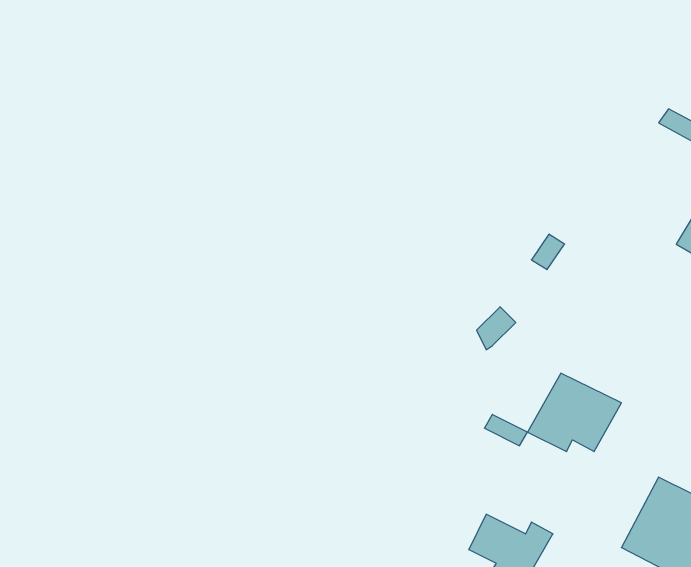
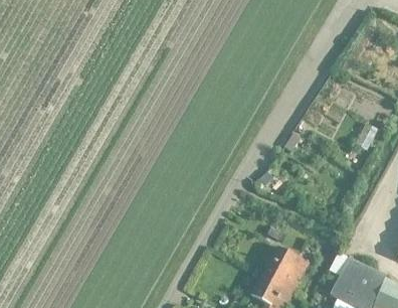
building: [527,373,621,452] -> [260,247,309,287]

